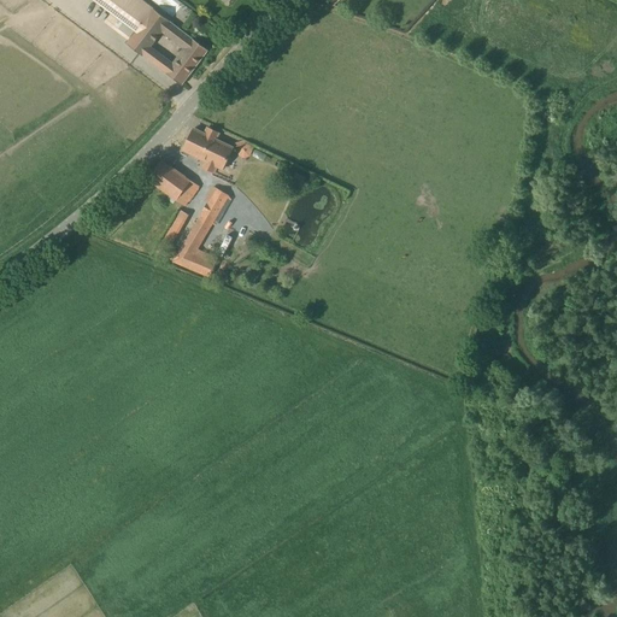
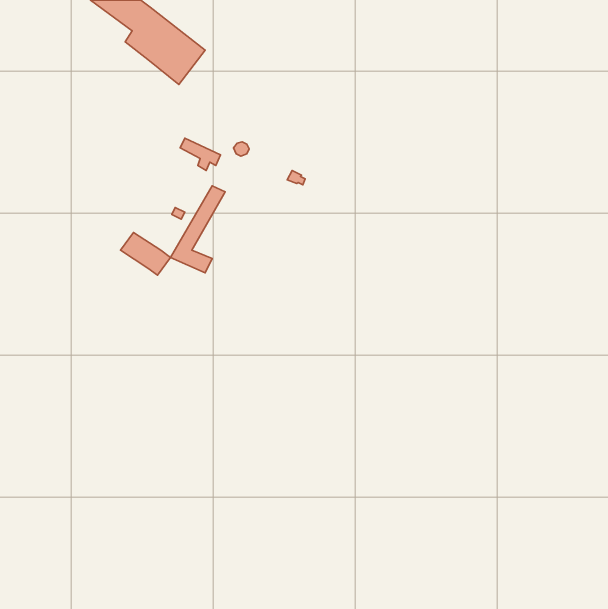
building: [187,128,229,157] -> none
building: [147,161,198,205] -> [120,232,170,275]

